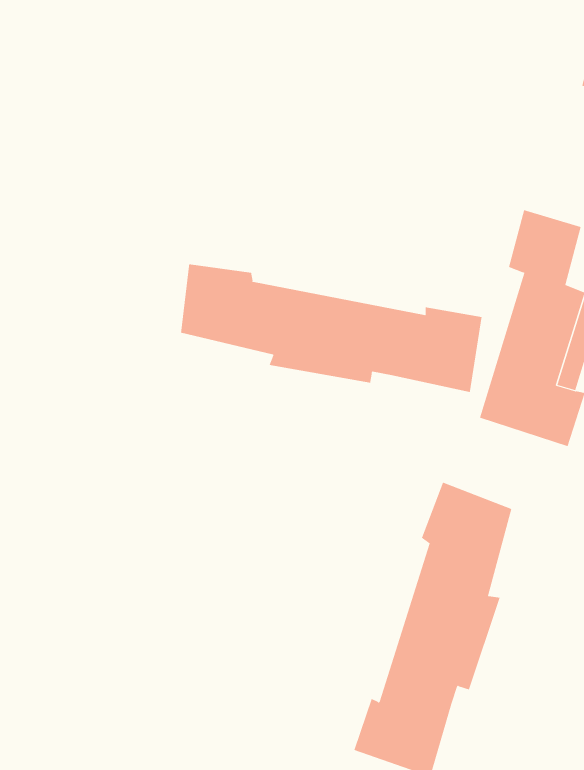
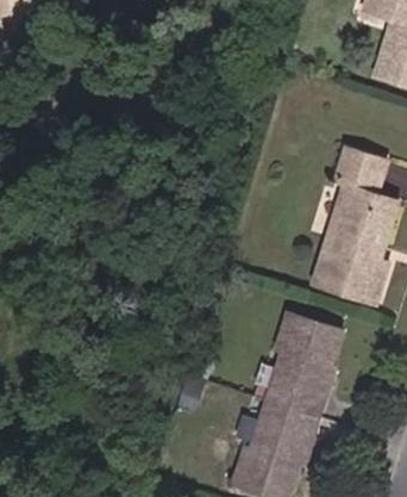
building: [181,263,482,393] -> none

